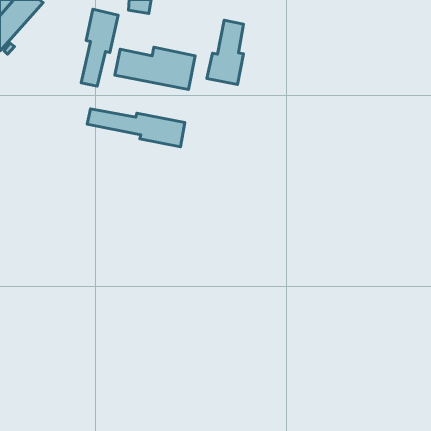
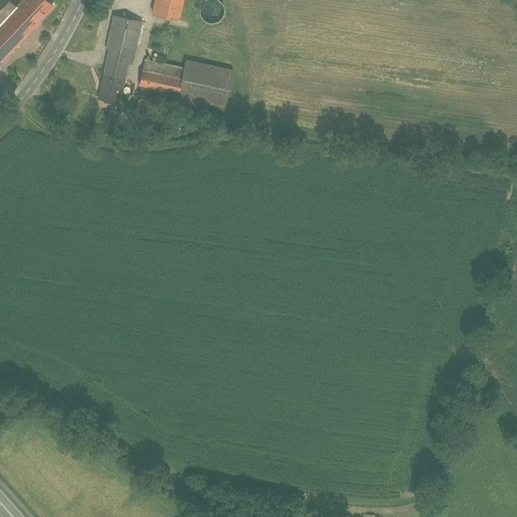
building: [207,20,244,84] -> none
building: [87,109,185,147] -> none

